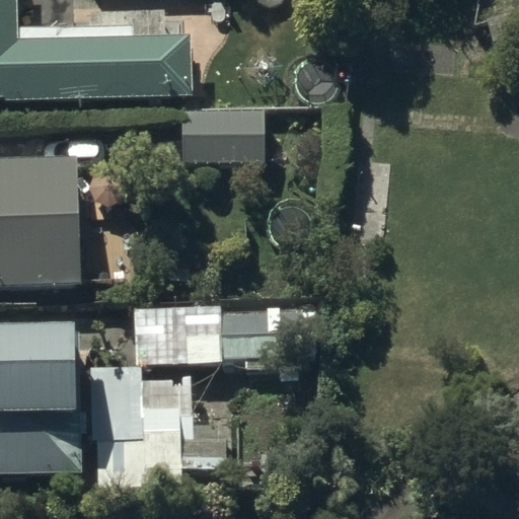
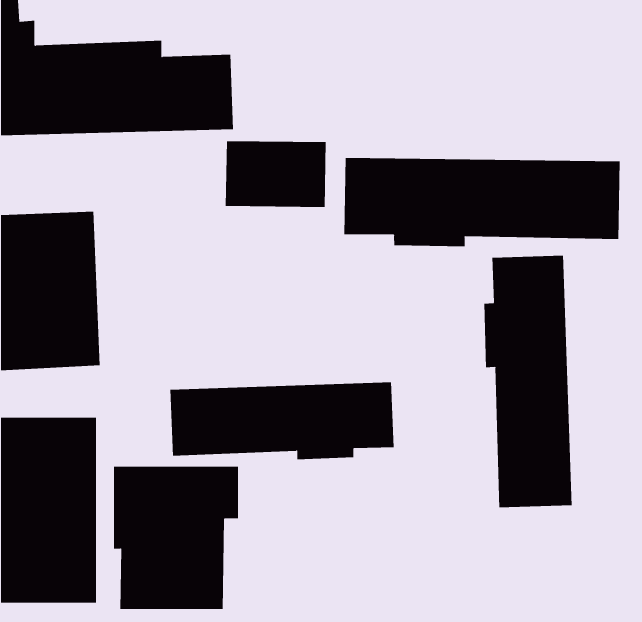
building: none -> [344,157,620,247]
building: none -> [484,255,572,508]

